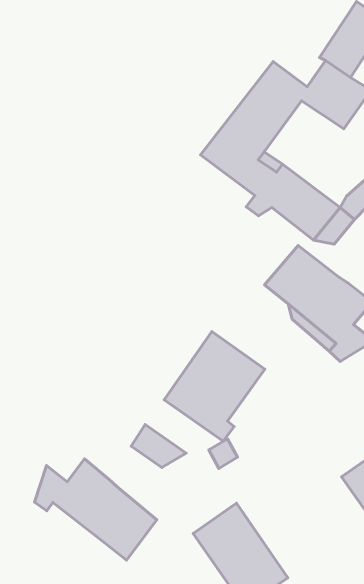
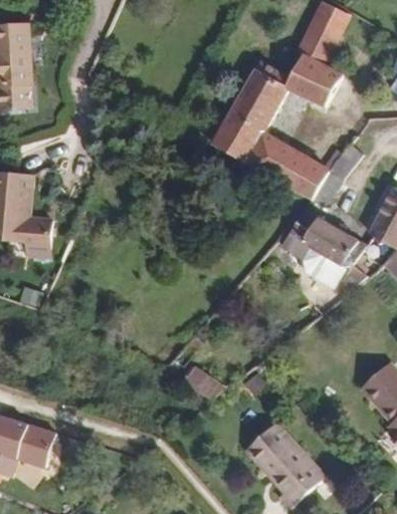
building: [164,332,265,441] -> none
building: [34,459,157,560] -> none

